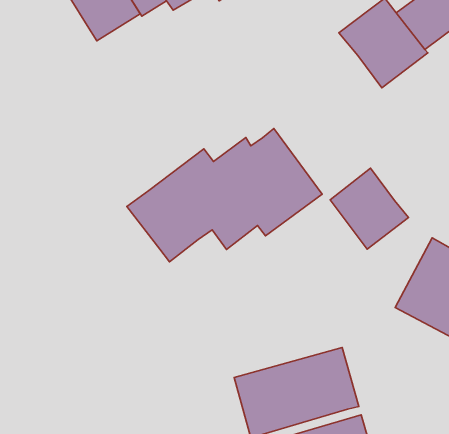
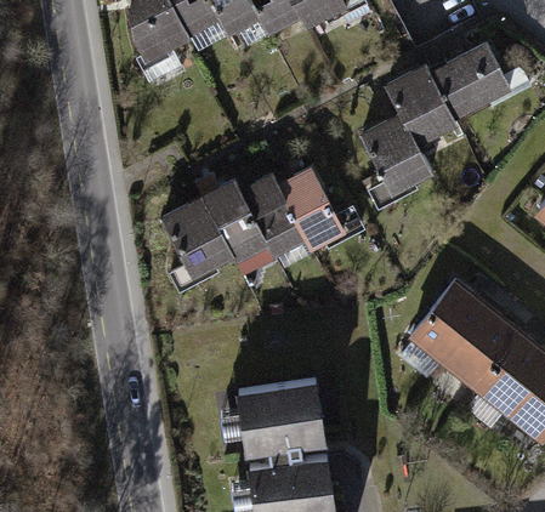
building: [330,168,408,249] -> [358,107,430,183]

